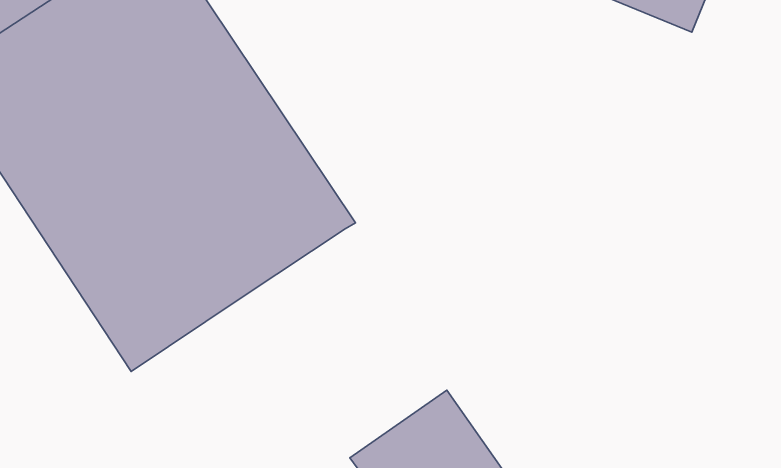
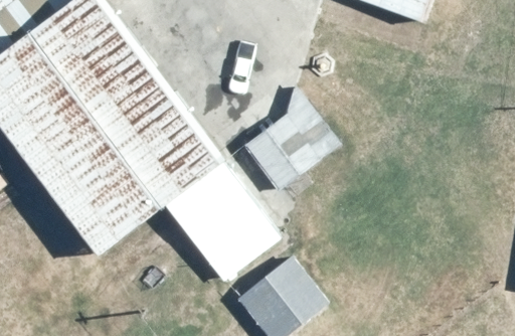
building: none -> [240,86,340,193]
building: none -> [163,159,283,283]

